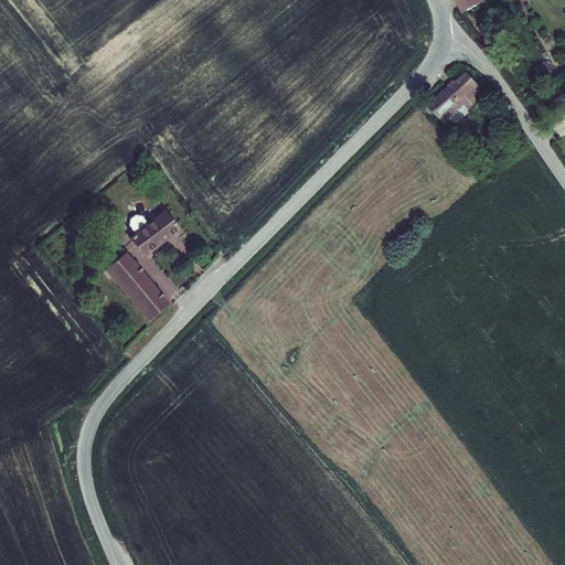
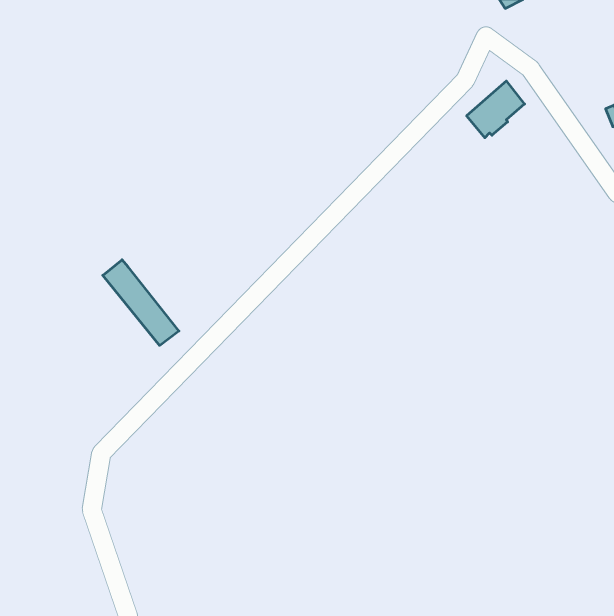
building: [129,209,179,253] -> none

